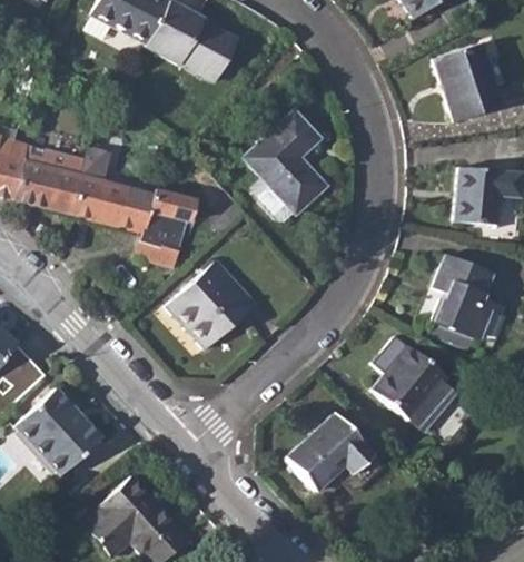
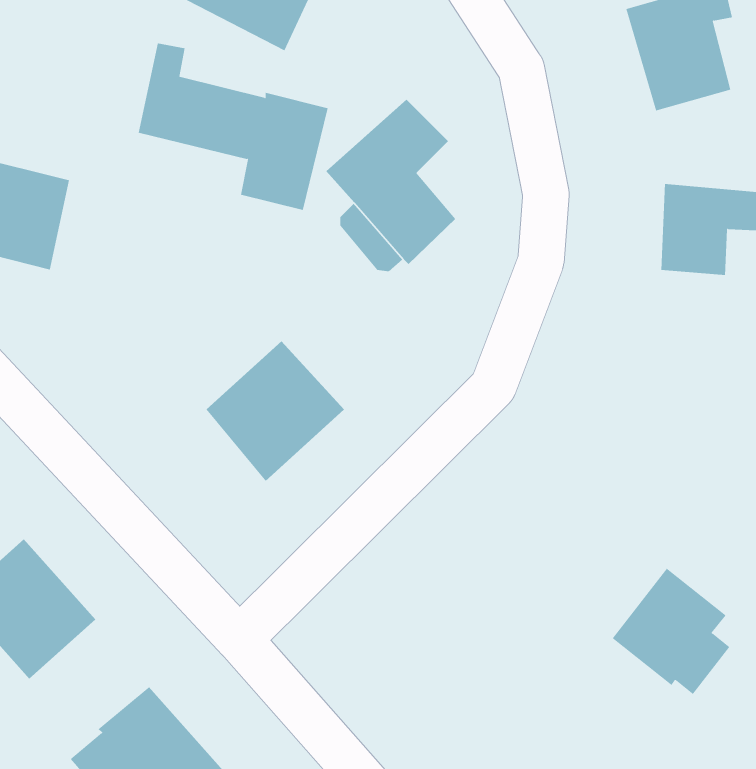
building: [72,160,192,266] -> [138,43,328,211]
building: [429,253,490,336] -> none
building: [373,347,447,427] -> [612,568,730,695]
building: [285,414,373,501] -> none

